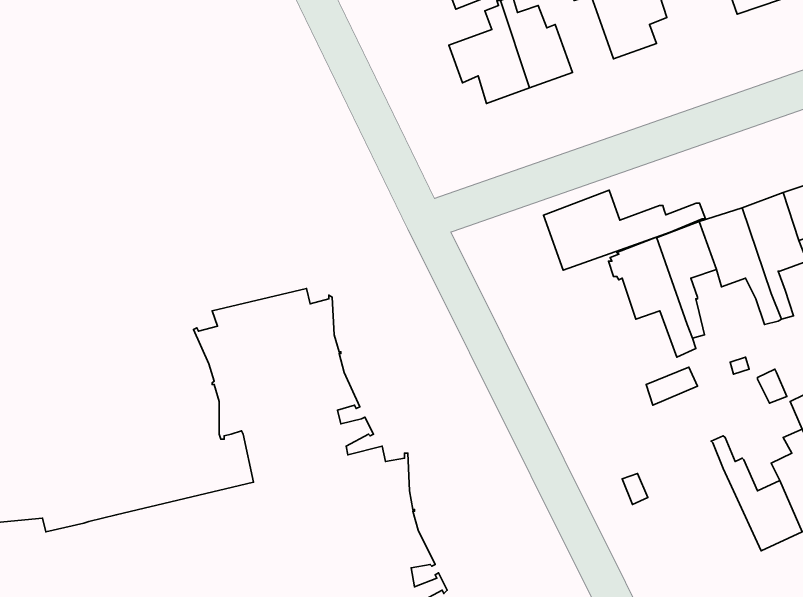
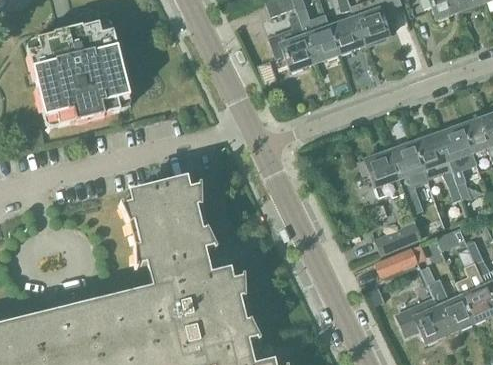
building: none -> [330,17,364,53]
building: none -> [34,18,134,119]
building: [543,190,705,270] -> none
building: none -> [374,246,418,276]
building: none -> [396,297,450,342]

